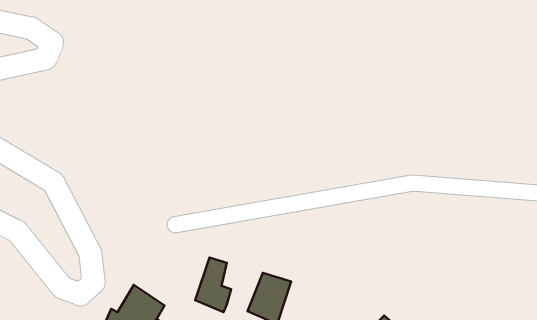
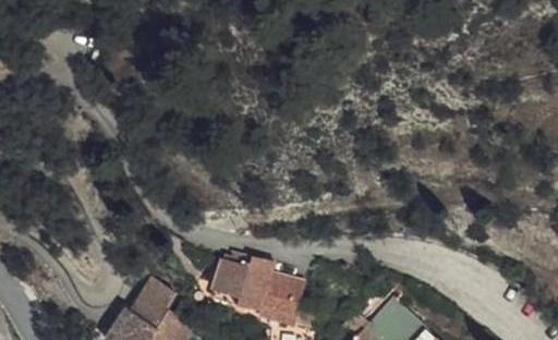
building: none -> [233,253,280,312]

